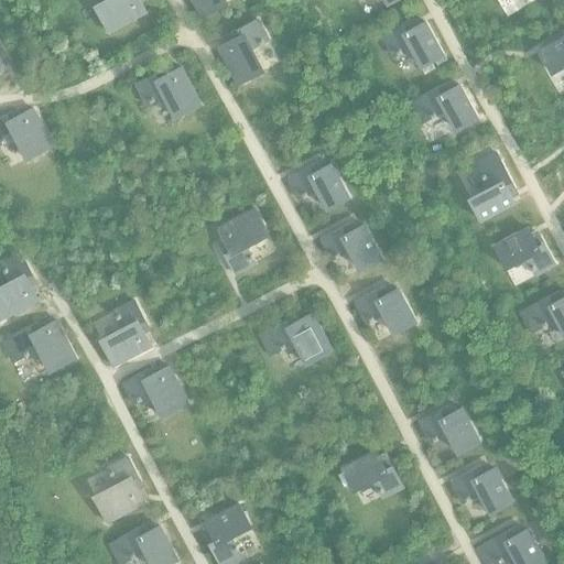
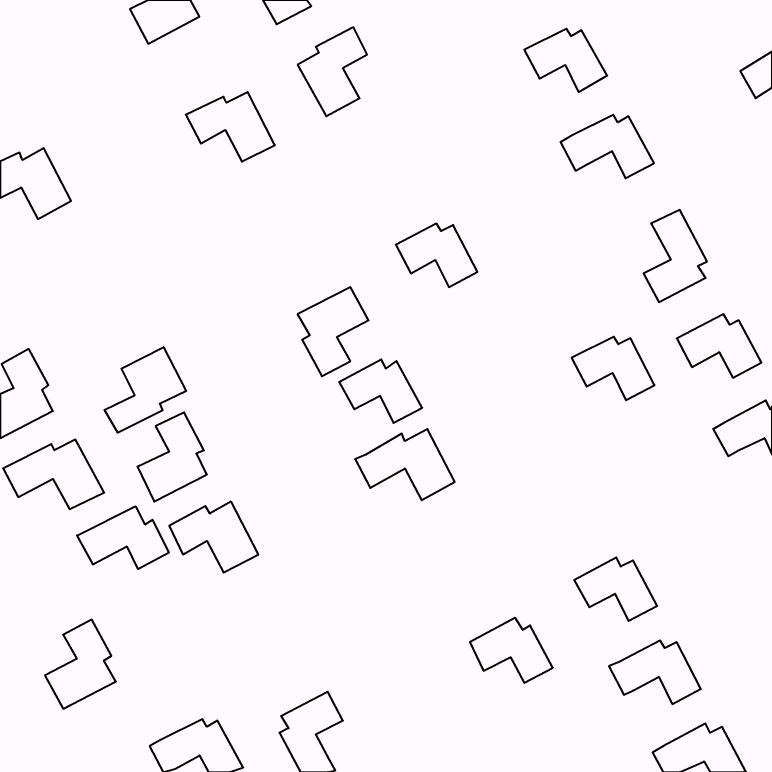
building: [321,224,381,270] -> [339,359,422,423]
building: none -> [104,347,186,433]
building: [355,288,415,334] -> [572,337,655,400]
building: none -> [77,506,169,569]
building: [94,457,145,522] -> [45,620,116,709]

